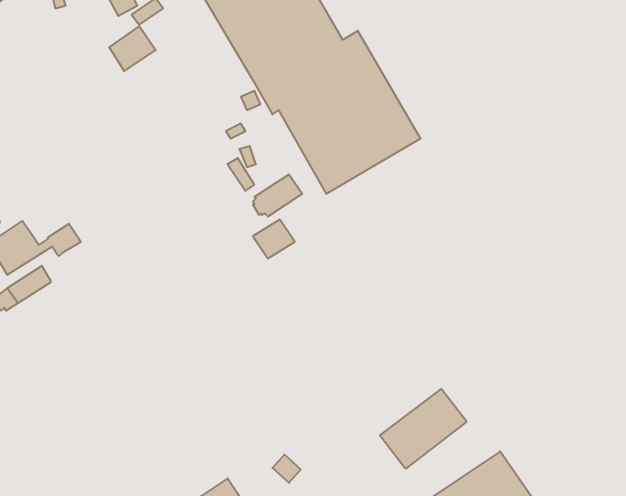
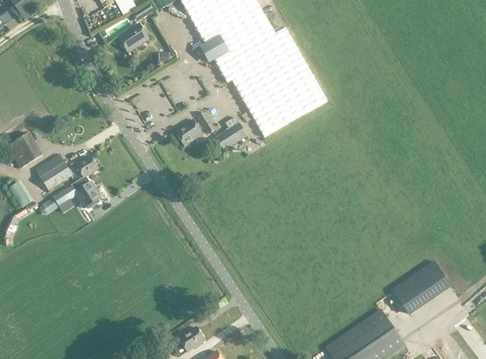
building: [253,220,295,258] -> [174,119,202,145]
building: none -> [71,174,100,204]
building: [380,389,467,468] -> [388,266,447,320]

